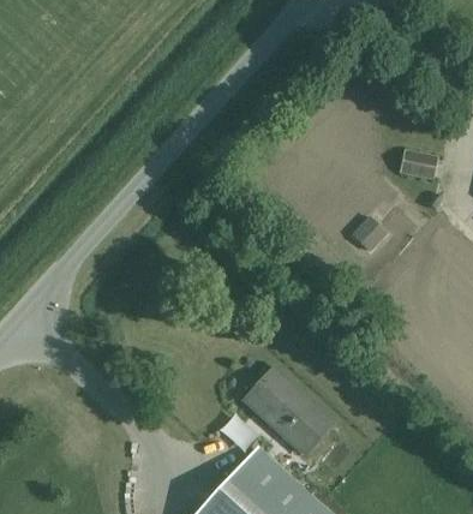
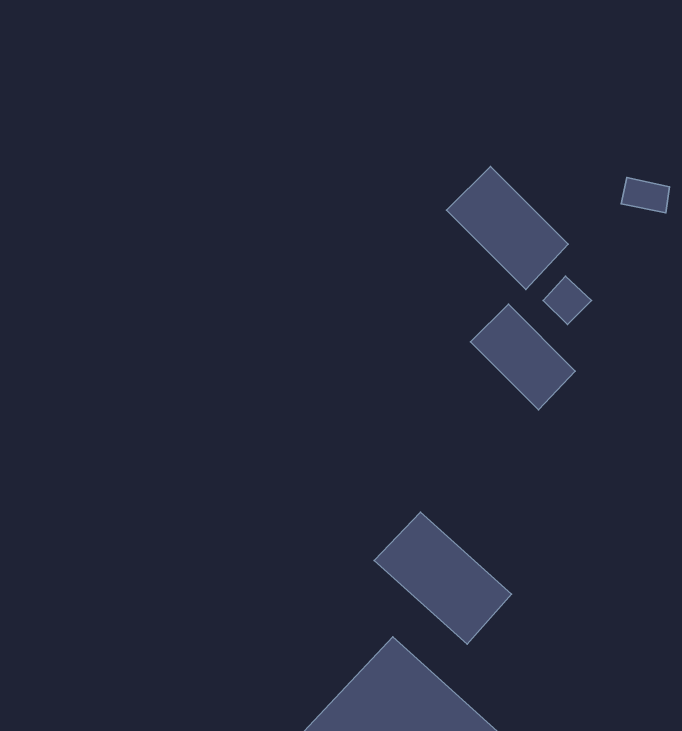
building: none -> [446,167,568,289]
building: none -> [470,304,575,410]

